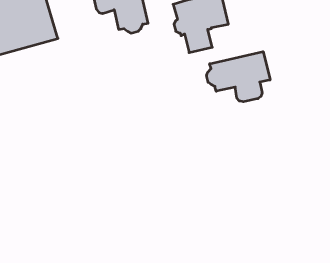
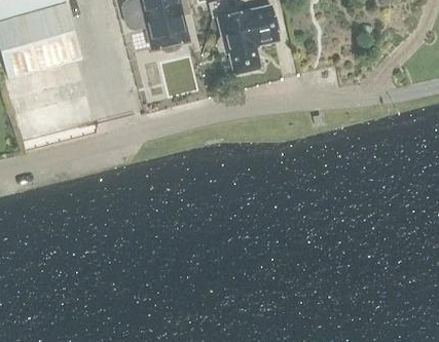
building: [207,52,270,102] -> none

